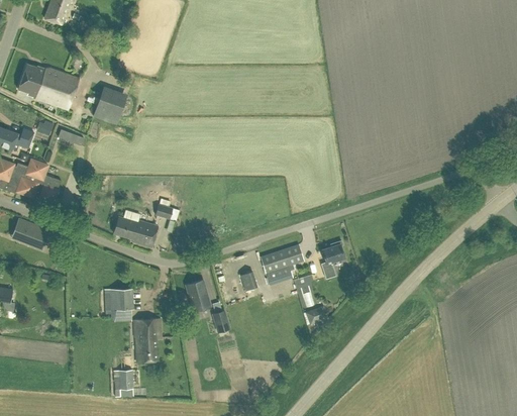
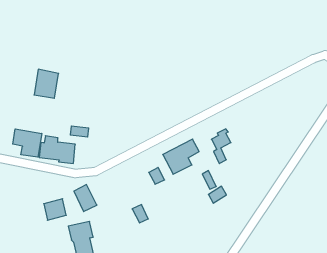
building: [92,87,125,124] -> [34,69,59,98]
building: none -> [13,129,42,157]
building: [186,281,210,312] -> [74,185,97,212]

